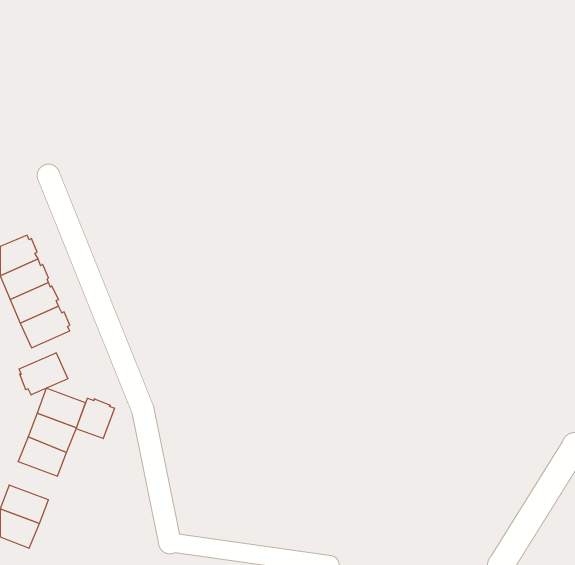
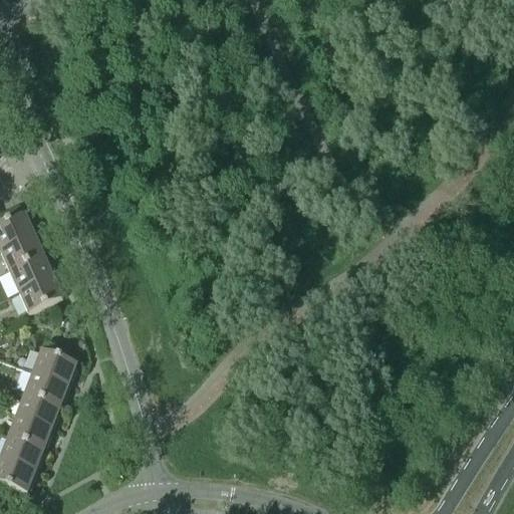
building: [19,353,68,395] -> none
building: [76,398,115,439] -> none
building: none -> [8,412,51,446]

